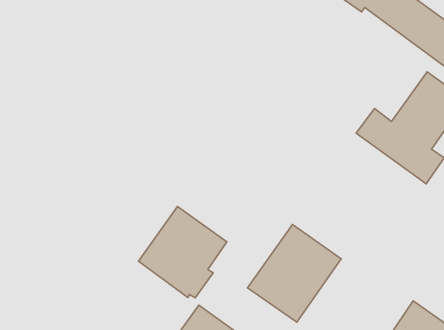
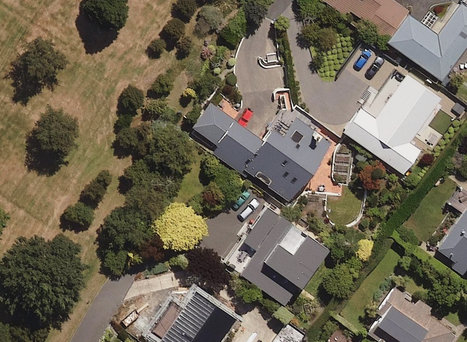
building: none -> [192,102,330,202]
building: [138,207,227,298] -> none

